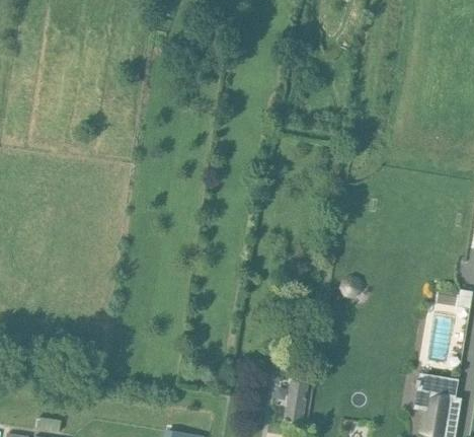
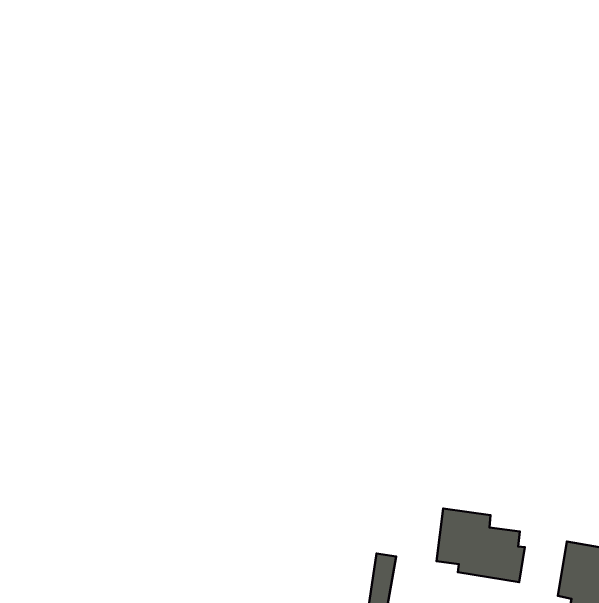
building: none -> [436,508,525,582]

